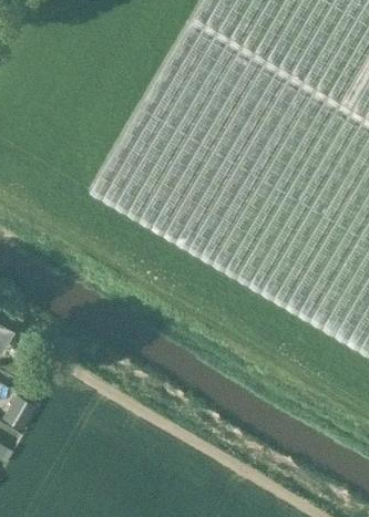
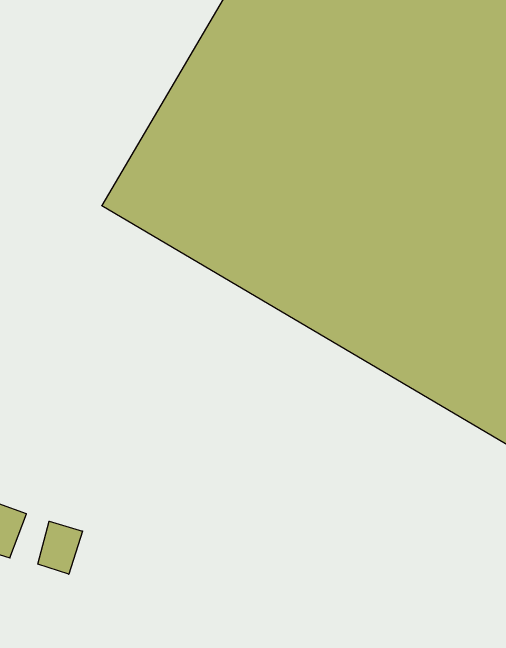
building: none -> [38,521,83,574]

